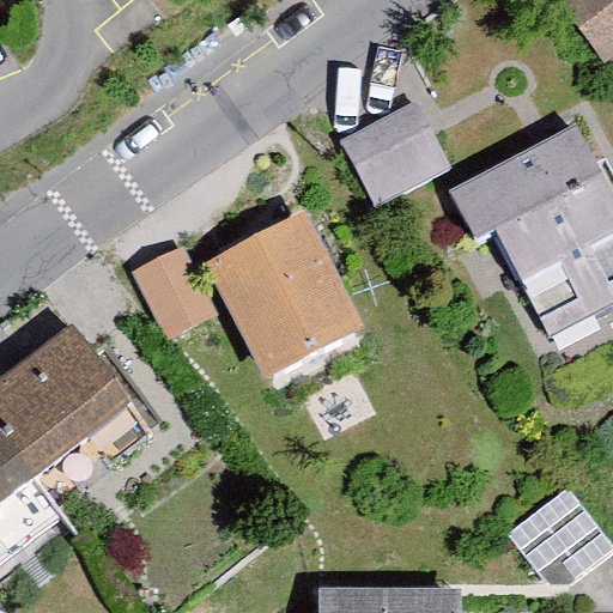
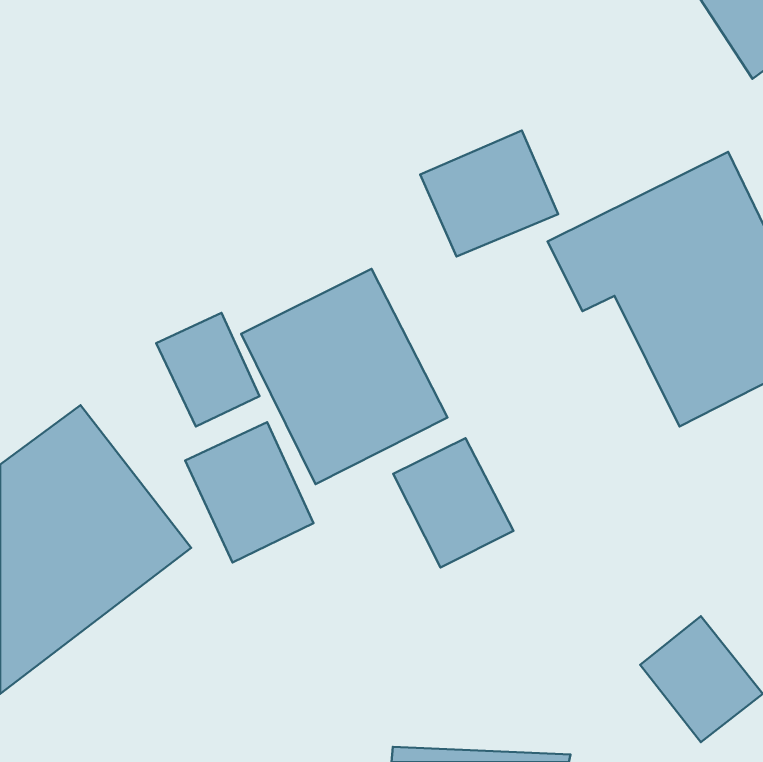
building: none -> [185,422,313,563]
building: none -> [393,438,514,567]

